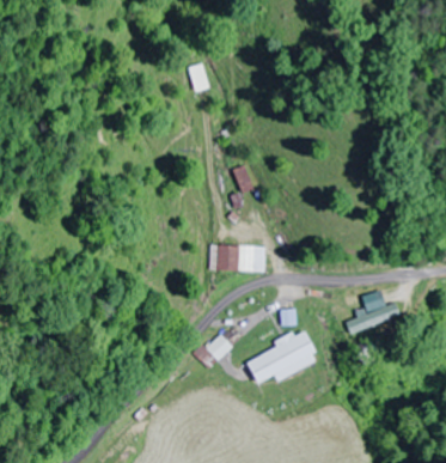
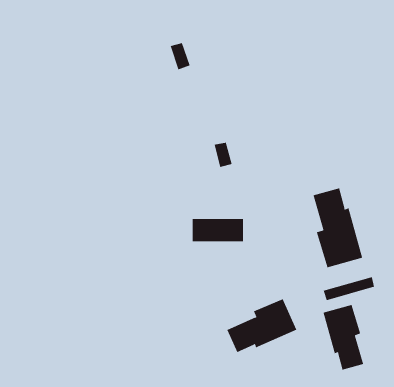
building: none -> [313,187,363,268]
building: none -> [323,304,364,371]

